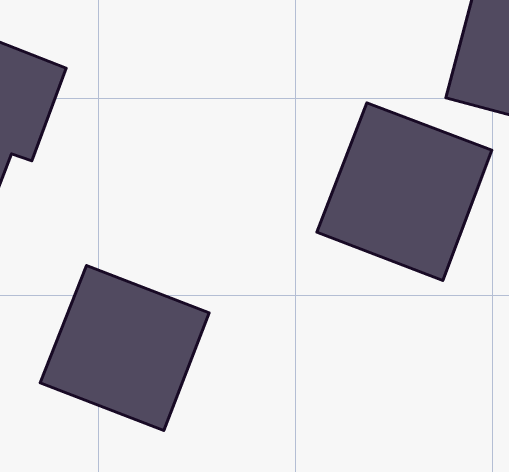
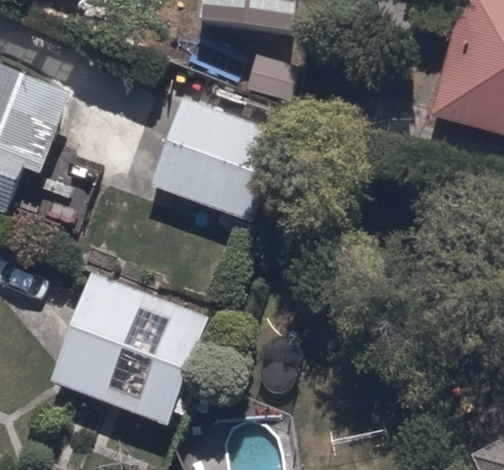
building: none -> [150,97,284,222]
building: [317,103,492,281] -> none

